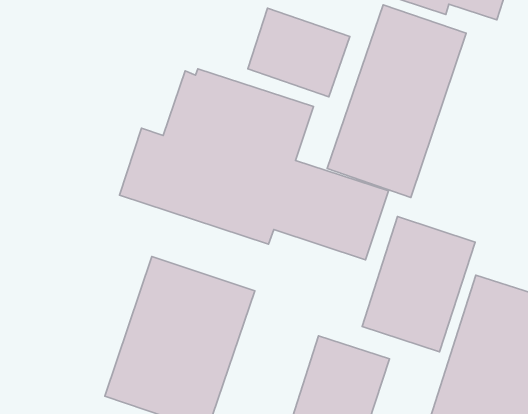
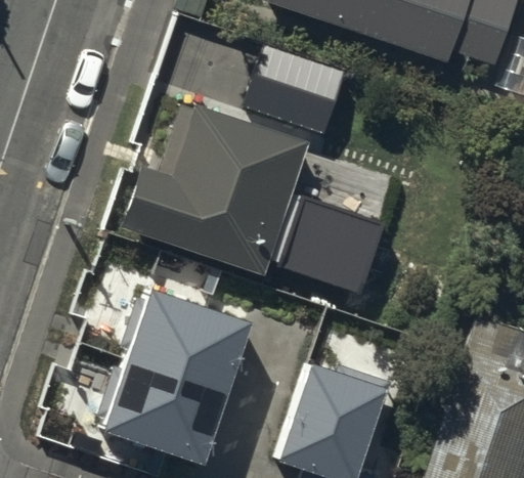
building: [327,5,466,198] -> none
building: [362,216,475,352] -> none

